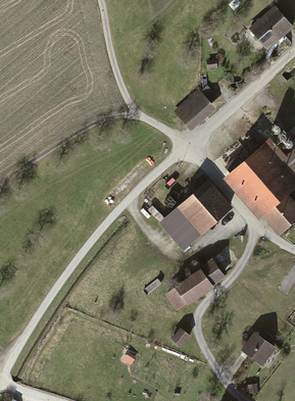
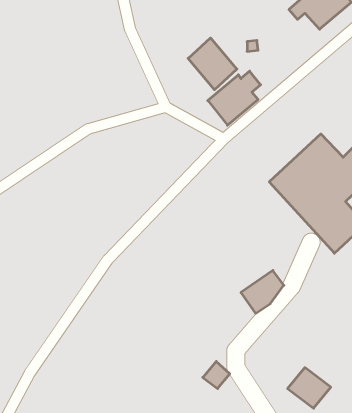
building: none -> [188,38,237,90]
building: [158,180,233,251] -> none
building: [163,269,213,313] -> none

